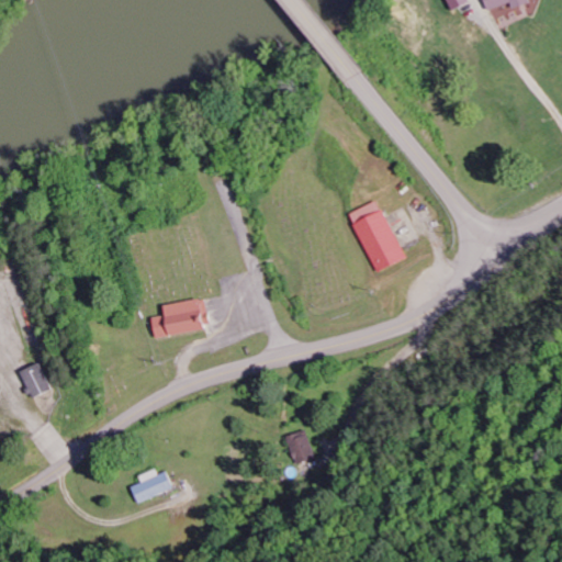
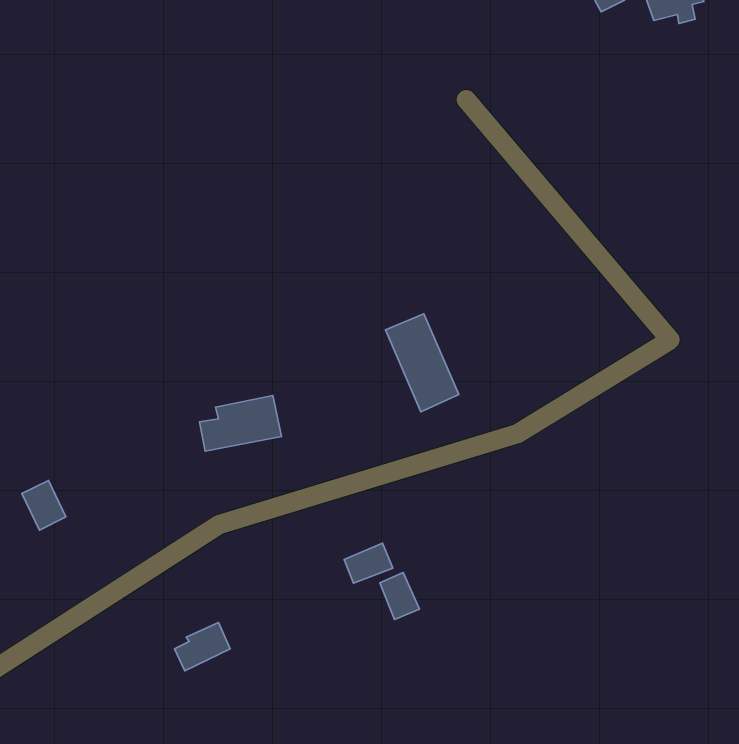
building: [348,199,403,272] -> [386,314,459,412]
building: none -> [344,543,393,583]

